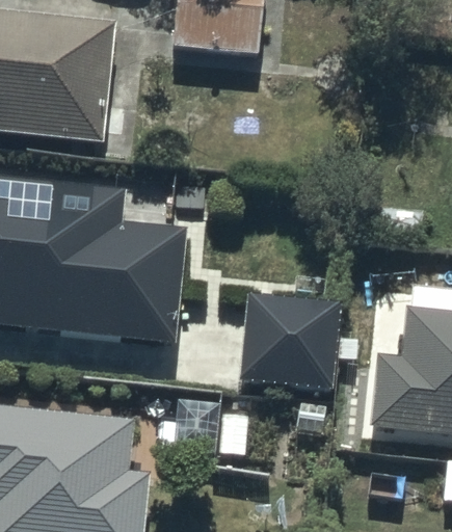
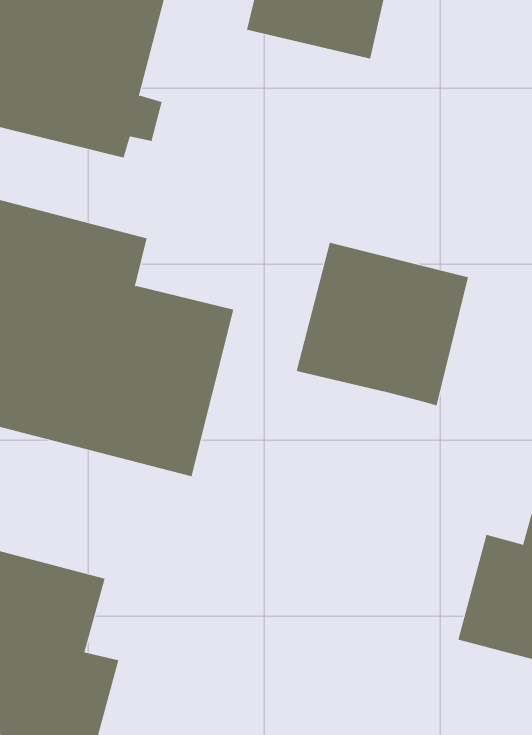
building: [239,294,343,391] -> [296,242,469,406]

